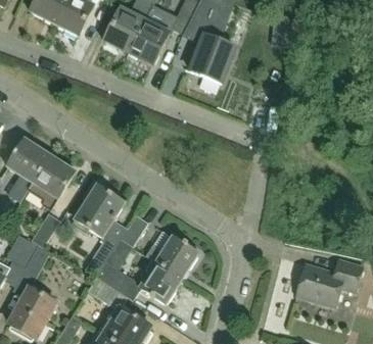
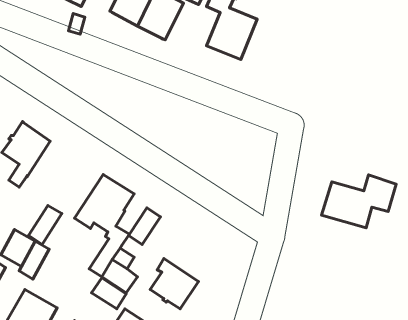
building: [28,154,76,208] -> none
building: [145,236,198,279] -> none
building: [296,258,363,305] -> [321,175,396,228]

